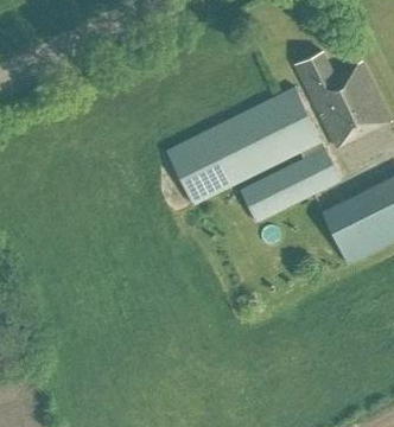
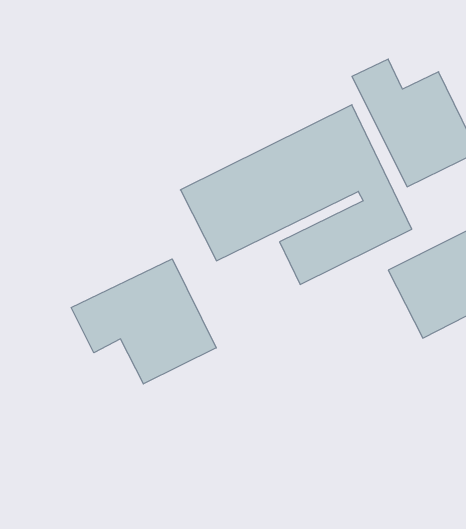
building: none -> [71,259,216,384]

